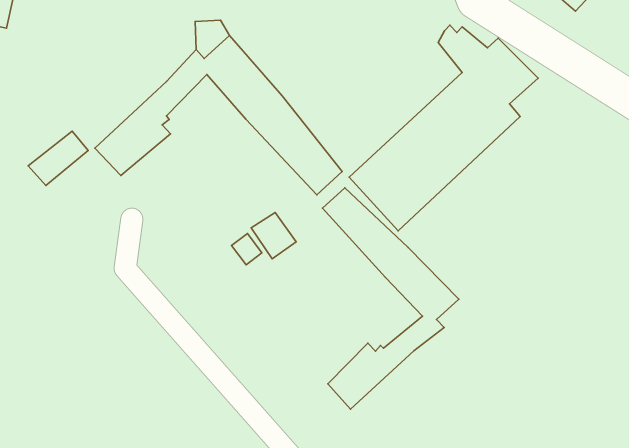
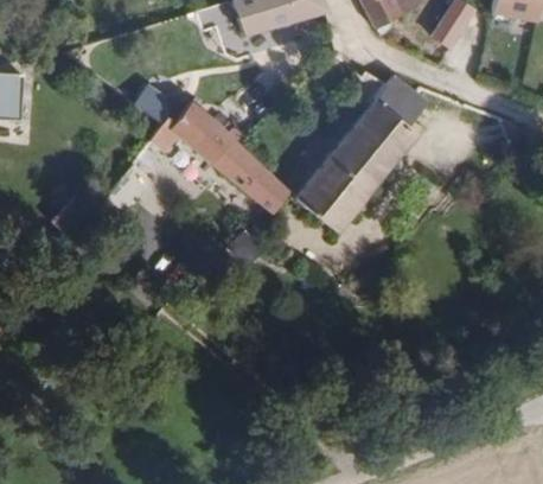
building: [323,188,459,409] -> none

